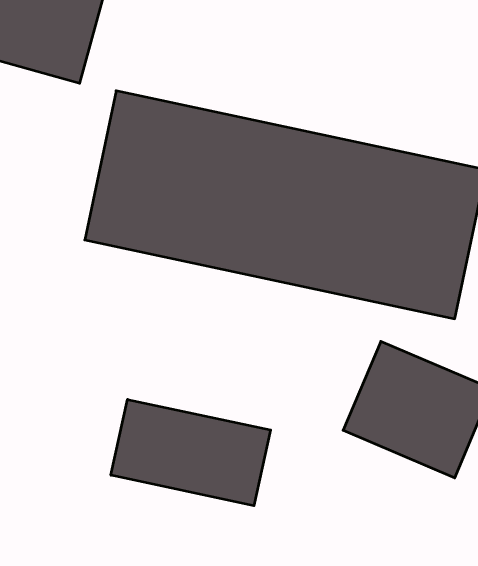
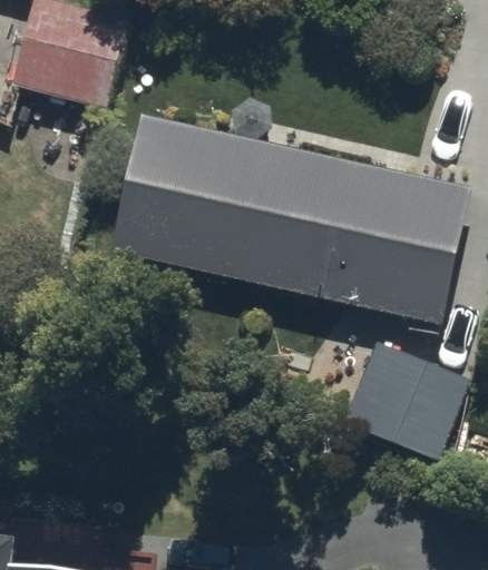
building: [111,399,271,506] -> none

